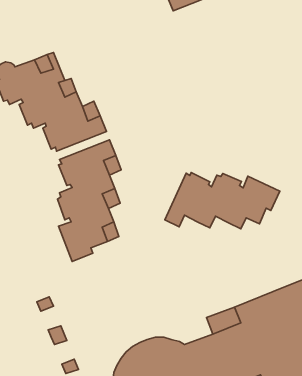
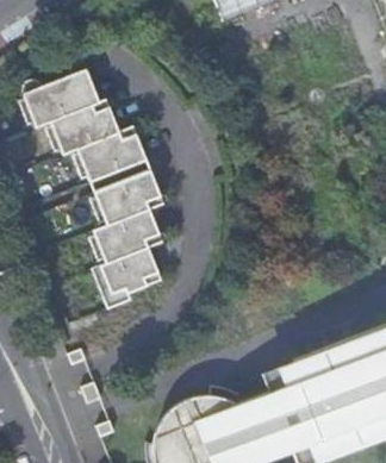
building: [165,173,280,229] -> none

